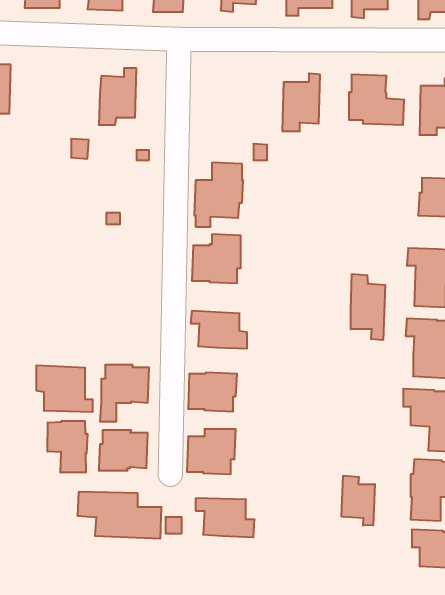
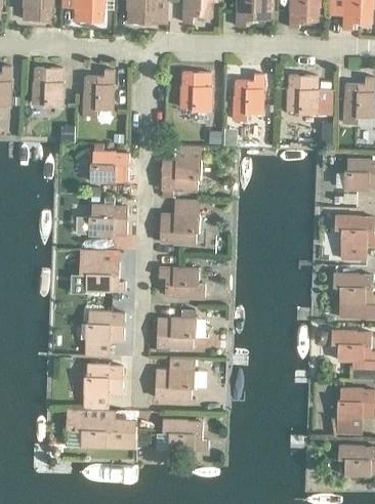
building: none -> [32,67,64,107]
building: none -> [180,71,211,111]
building: none -> [89,151,129,181]
building: none -> [88,204,127,235]
building: [351,274,385,340] -> none
building: [36,365,93,412] -> [79,253,125,291]
building: [48,421,87,473] -> none
building: [342,476,375,526] -> none

